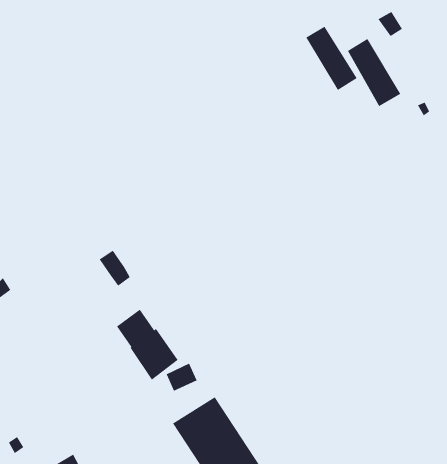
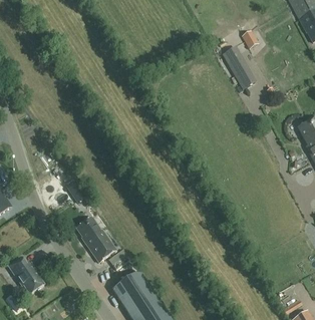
building: [305,26,357,91] -> none
building: none -> [8,256,43,293]

